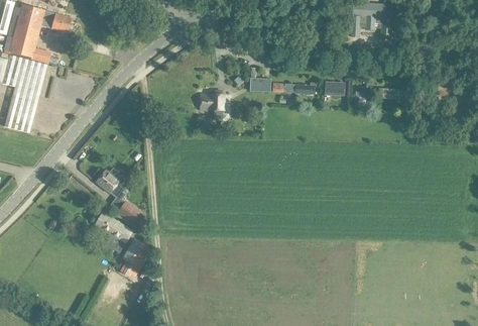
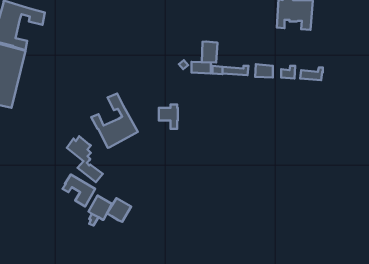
building: none -> [202,41,218,63]
building: [200,91,223,120] -> [159,105,178,129]
building: none -> [91,94,138,148]
building: none -> [107,198,131,222]

